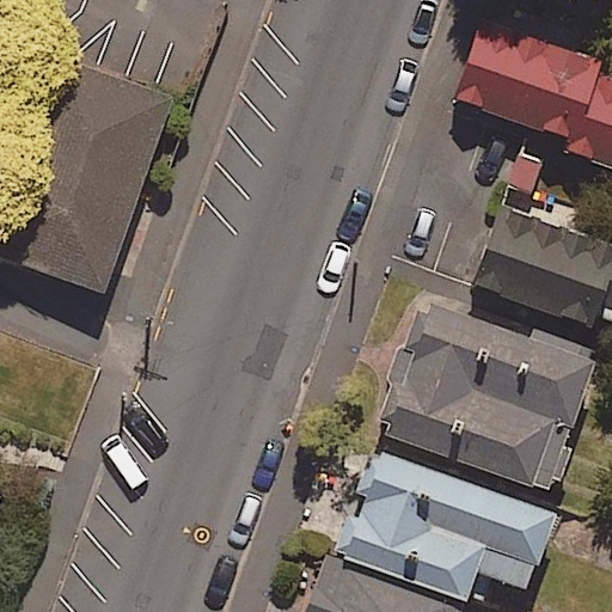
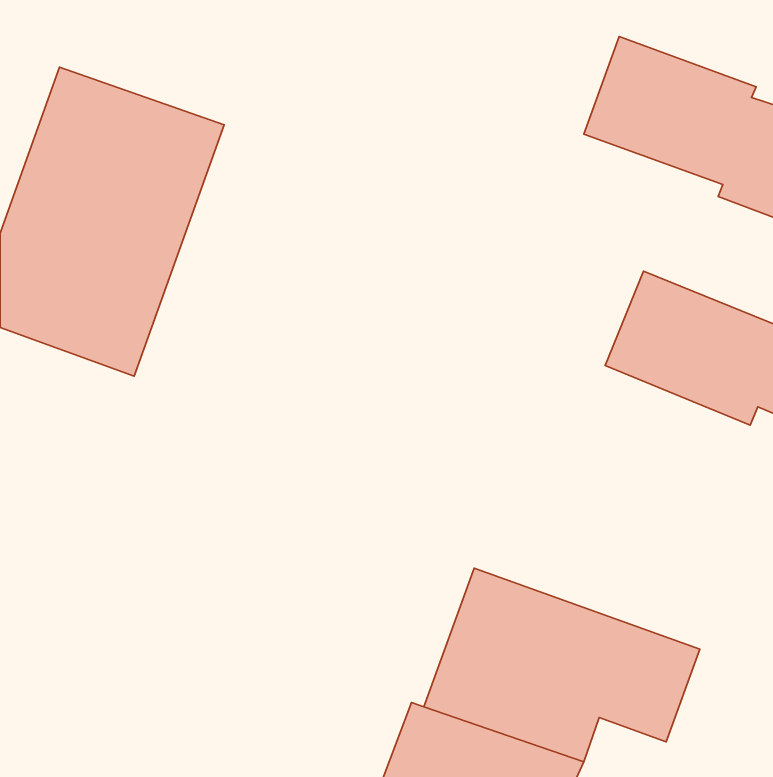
building: [384,300,594,484] -> none

